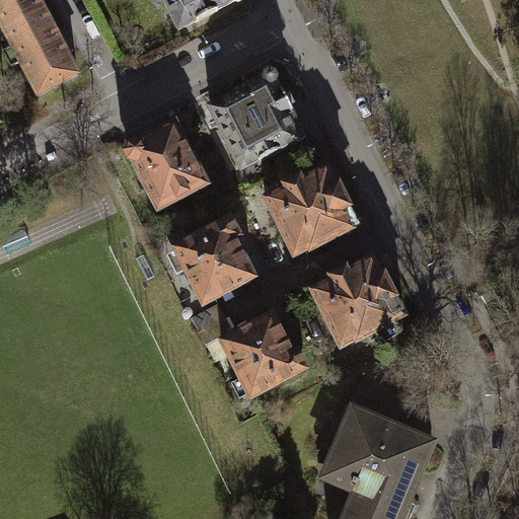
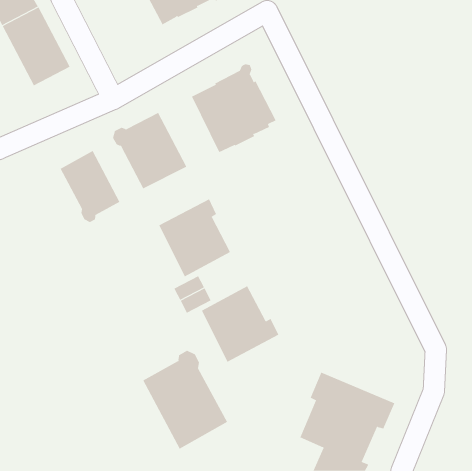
building: none -> [60,150,120,223]
building: [264,167,357,254] -> none
building: [309,256,403,345] -> none
building: none -> [142,350,228,450]

